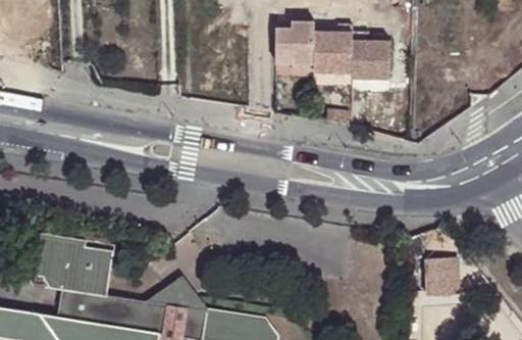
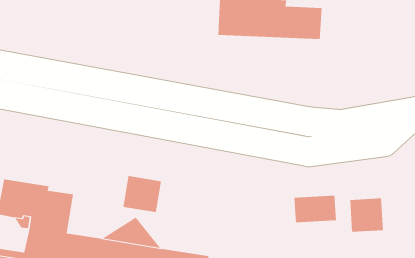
building: none -> [123,175,161,213]
building: none -> [294,195,336,223]

